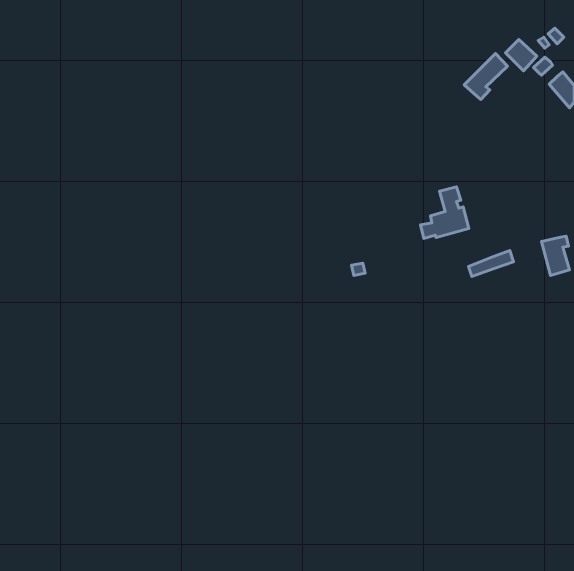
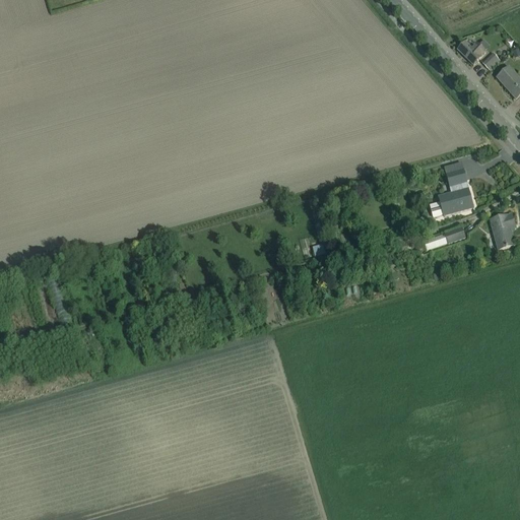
building: [464,53,507,99] -> none
building: [421,187,469,238] -> [430,169,473,215]

